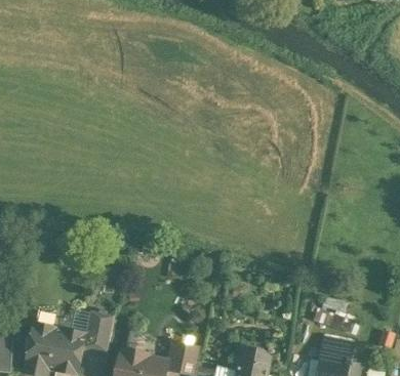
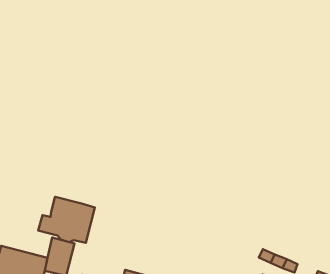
building: none -> [38,197,95,243]

